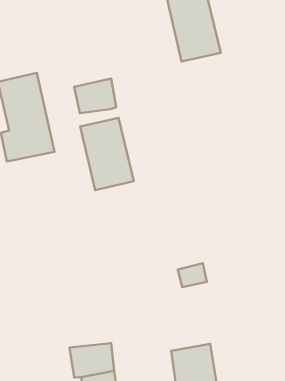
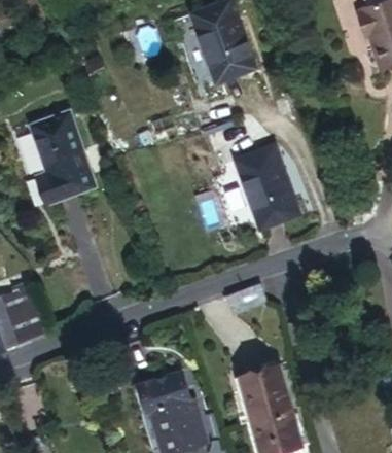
building: [74,78,116,113] -> none
building: [80,118,134,190] -> [237,146,297,222]

